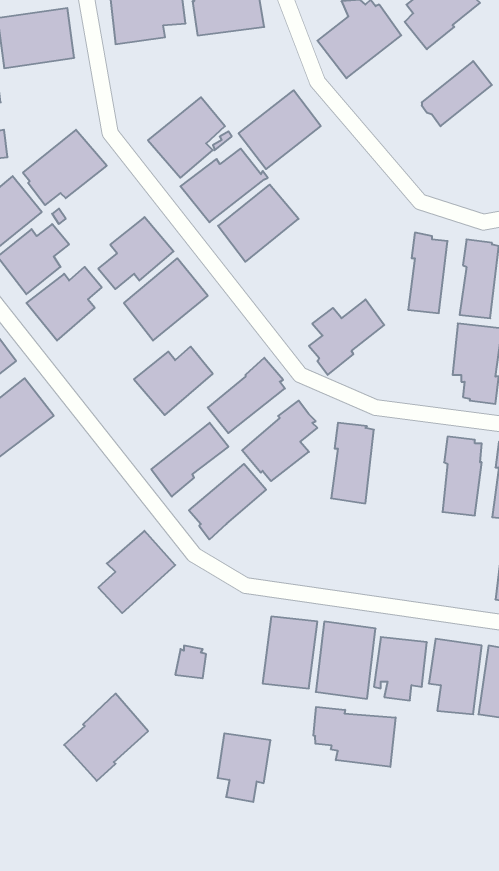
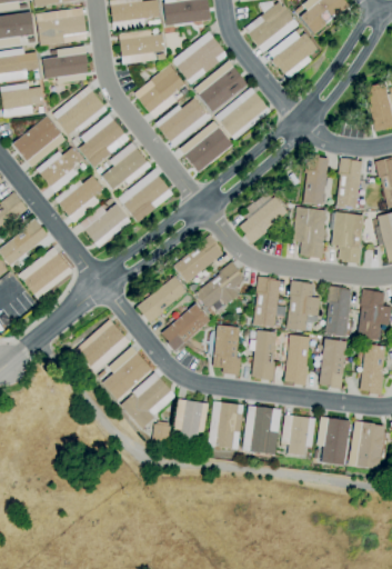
building: none -> [119,29,164,63]
building: none -> [172,31,228,83]
building: [422,61,492,126] -> [272,32,318,74]
building: none -> [43,46,88,82]
building: none -> [215,87,271,140]
building: none -> [79,113,129,167]
building: none -> [293,206,328,258]
building: [134,347,213,415] -> [80,202,131,247]
building: none -> [287,280,321,331]
building: none -> [76,319,130,372]
building: none -> [213,325,241,375]
building: none -> [252,329,278,380]
building: none -> [284,333,311,386]
building: none -> [320,338,346,388]
building: [64,694,148,781] -> [121,371,175,428]
building: [313,707,396,767] -> none
building: [217,733,271,802] -> [174,399,209,443]

